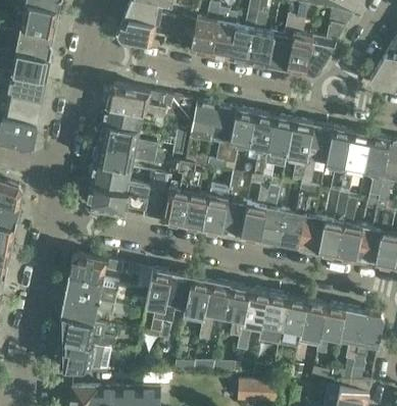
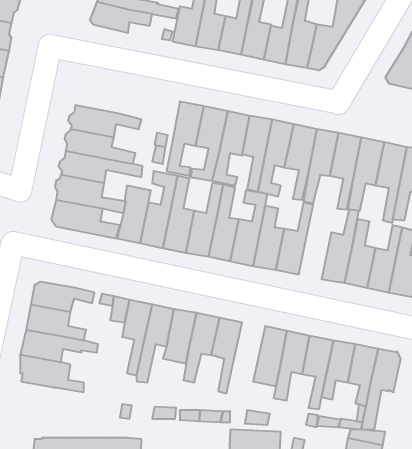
building: [106,85,192,120] -> none
building: [296,189,321,252] -> none
building: [235,289,267,351] -> none
building: [59,339,107,369] -> none

